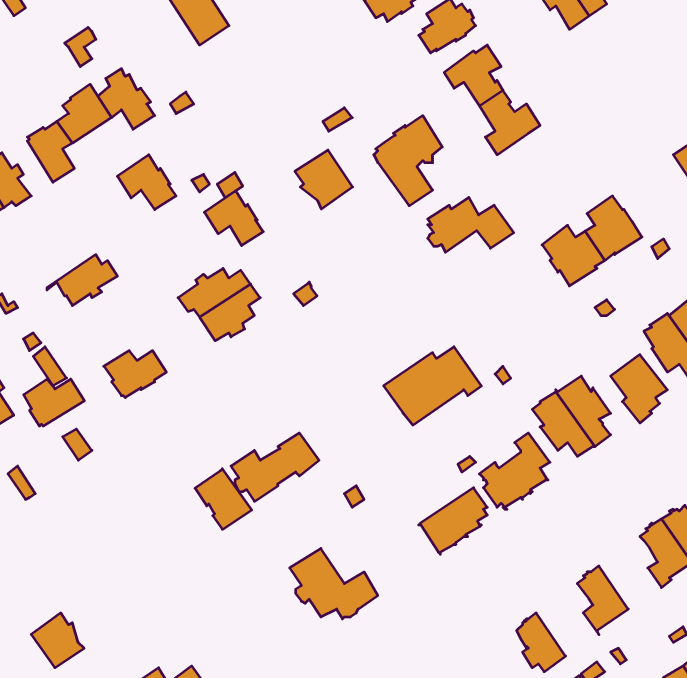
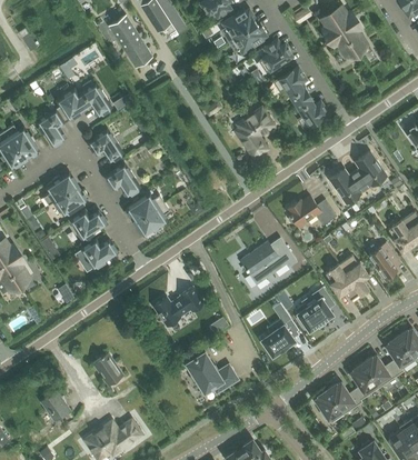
building: [295,150,353,209] -> none
building: [204,191,263,246] -> [106,163,139,194]
building: [428,197,514,252] -> [288,196,337,227]
building: none -> [43,172,77,204]
building: [24,379,84,426] -> [71,211,106,238]
building: [195,469,252,529] -> [92,351,125,386]
building: none -> [362,354,398,387]
building: none -> [327,381,362,413]

